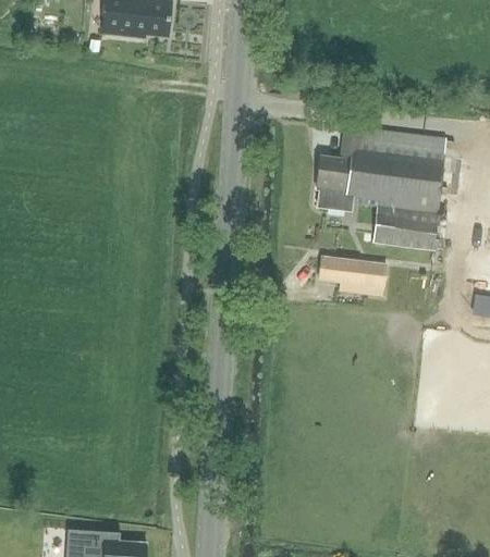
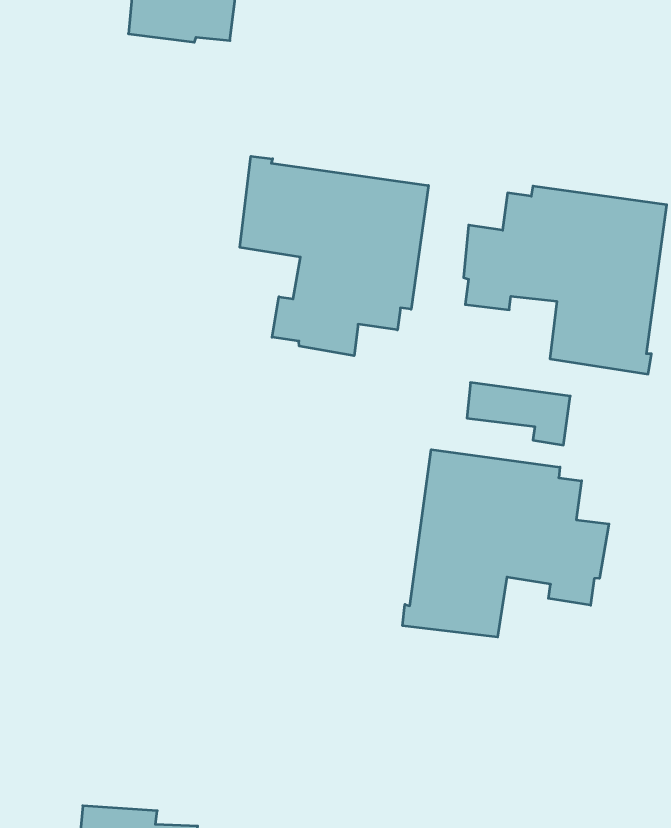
building: none -> [240,156,428,356]
building: none -> [403,450,609,637]

